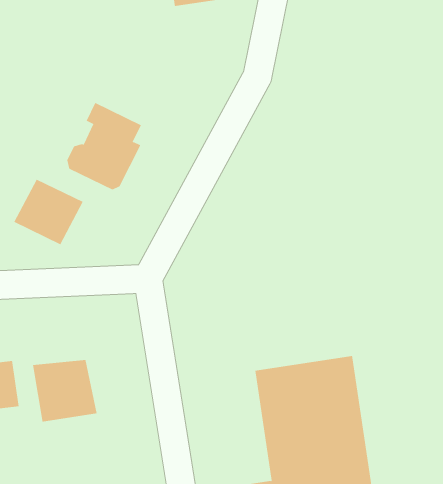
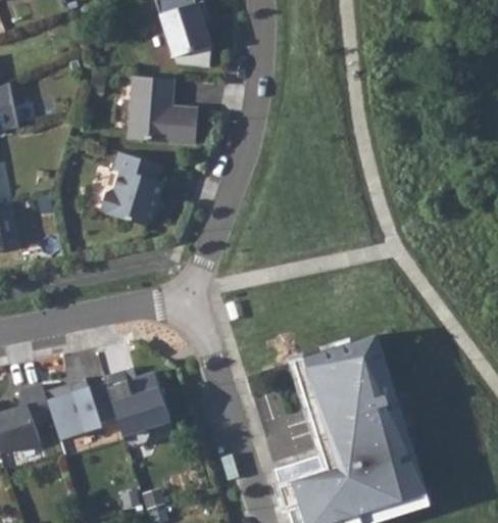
building: none -> [130,76,198,143]
building: [14,179,83,245] -> none

